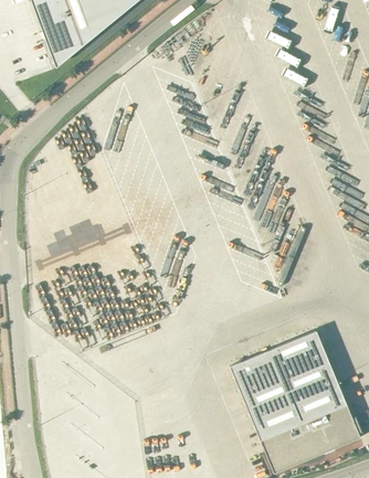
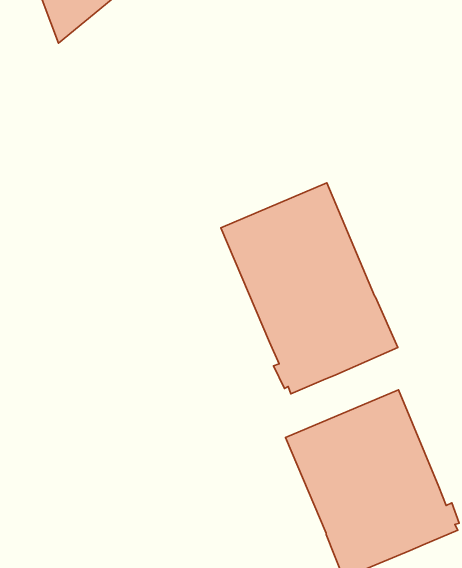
building: none -> [221,183,398,394]

